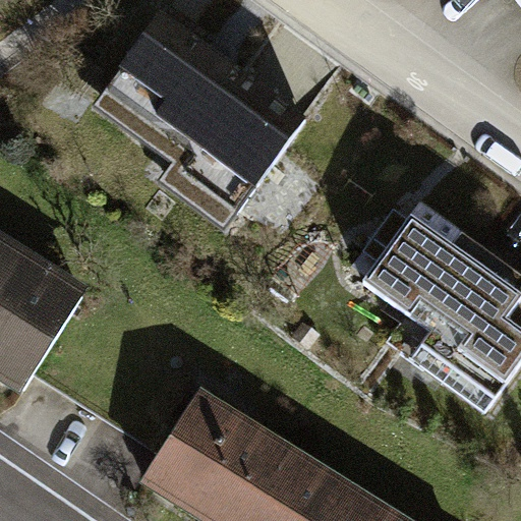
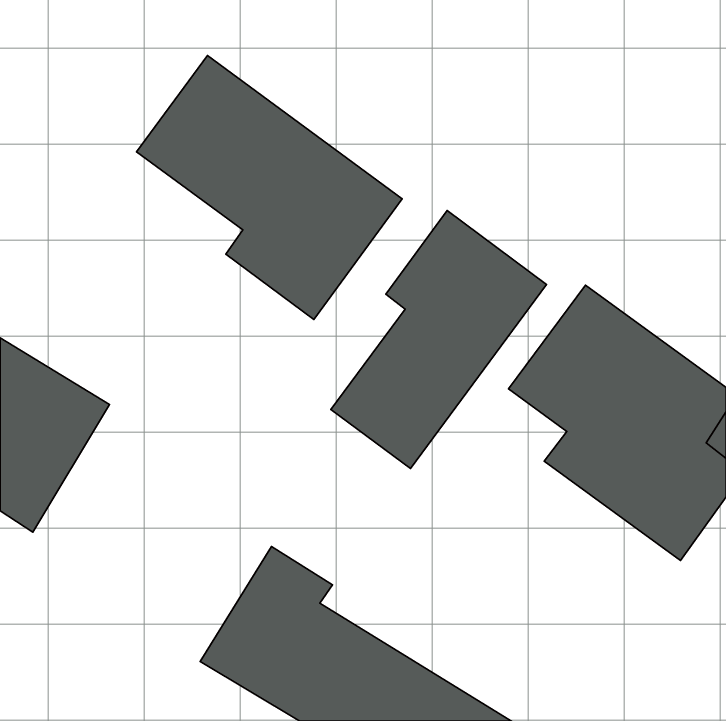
building: none -> [331,210,546,469]

